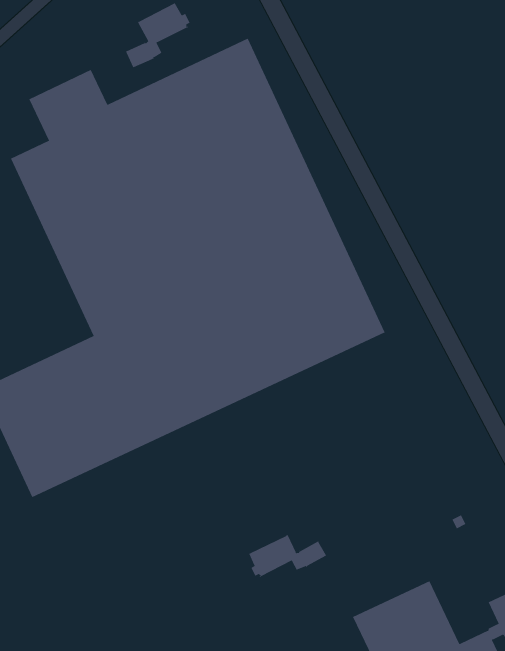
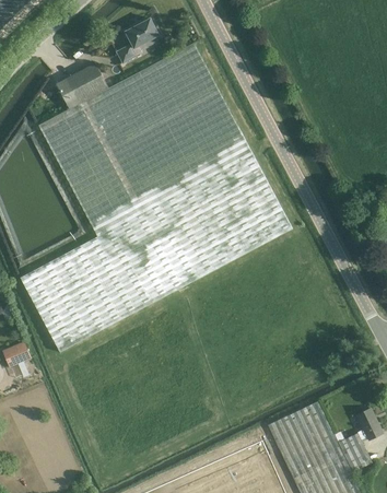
building: [248,534,328,578] -> none

